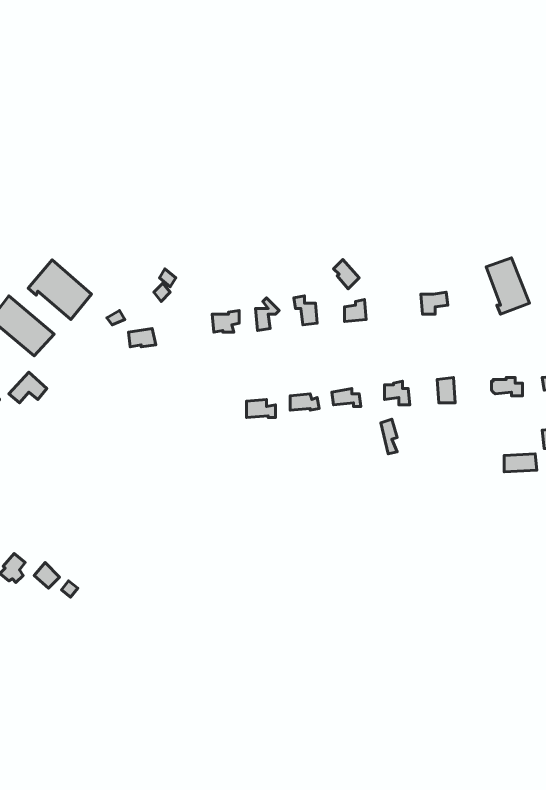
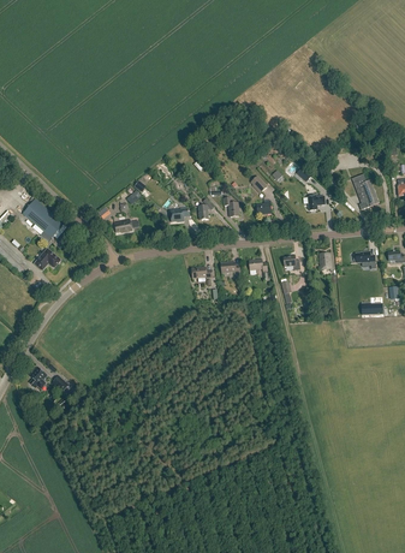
building: [28,260,91,319] -> none

